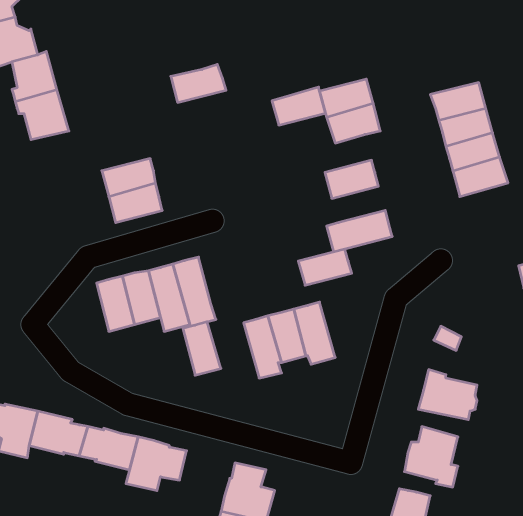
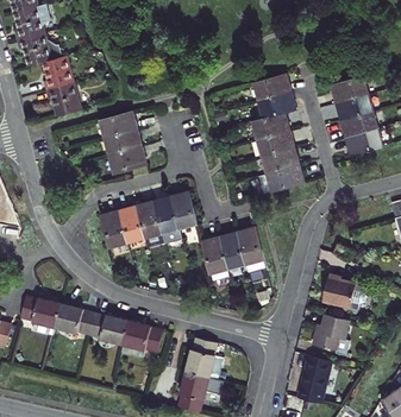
building: [171,64,226,102] -> [99,112,137,138]
building: [272,87,325,125] -> [252,113,289,139]
building: [298,249,352,285] -> [262,149,299,173]
building: [183,322,221,375] -> [170,192,196,229]

